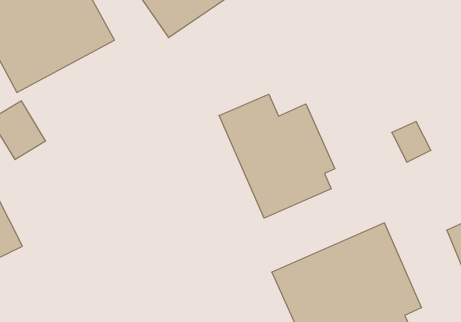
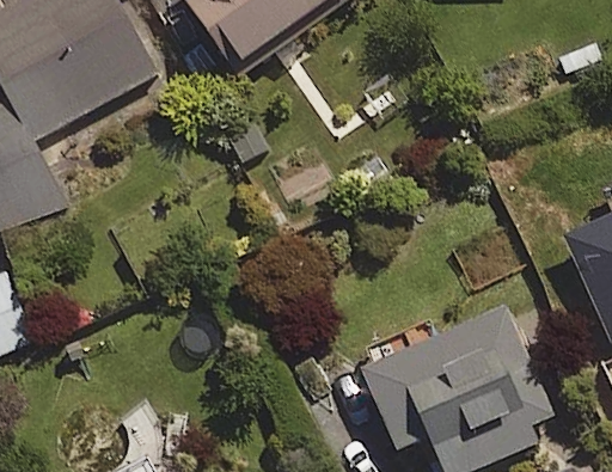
building: [219,94,335,218] -> none

